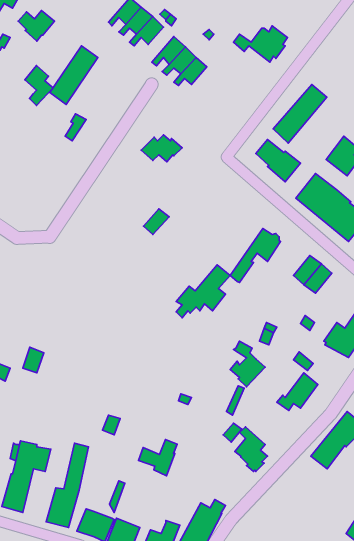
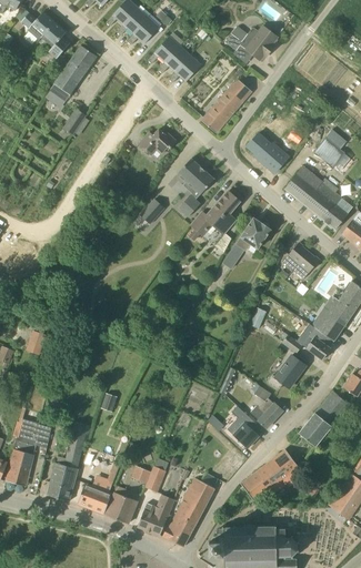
building: [25,66,53,105] -> [44,21,71,59]
building: [273,84,327,143] -> [201,78,252,133]
building: none -> [177,155,214,214]
building: [176,265,230,318] -> [189,191,240,241]
building: [230,341,265,387] -> [250,385,283,428]
building: none -> [305,327,334,359]
building: [138,439,177,476] -> [131,457,168,491]
building: none -> [241,449,300,501]

